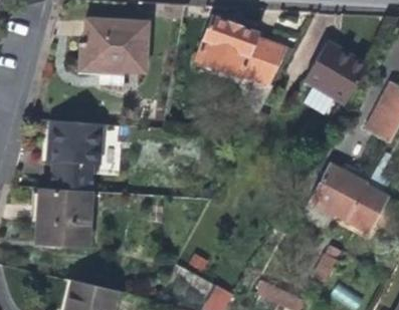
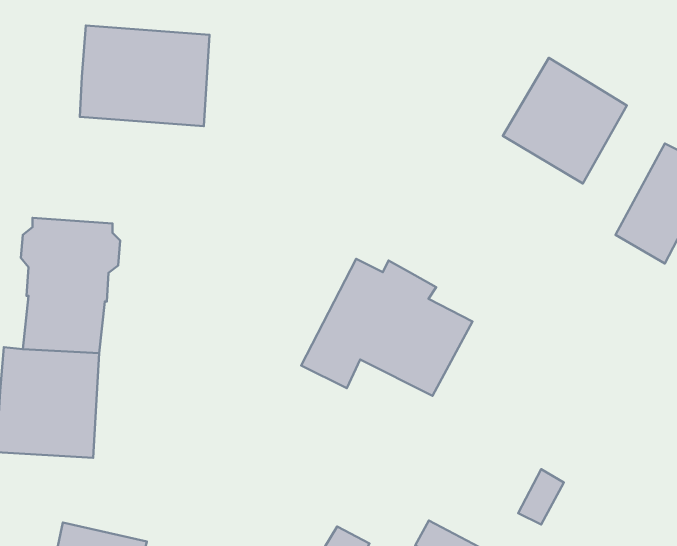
building: [194,15,286,113] -> none
building: [302,163,392,235] -> [301,259,472,396]

